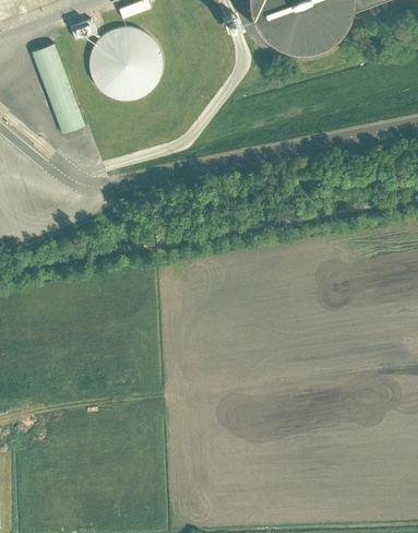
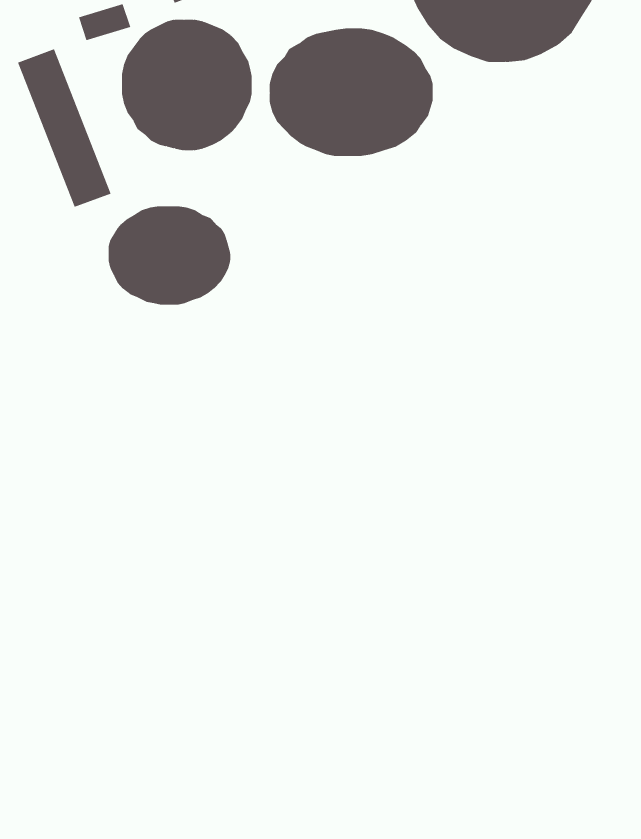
building: none -> [269,27,433,157]
building: none -> [108,205,231,305]

